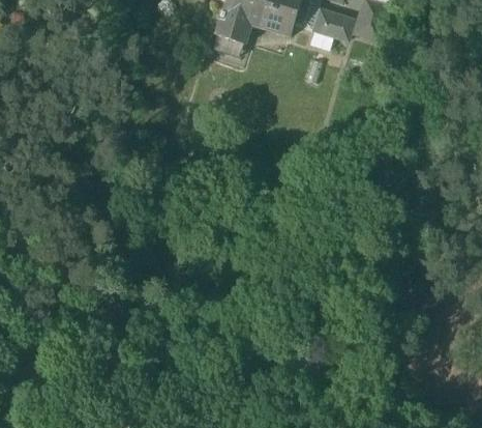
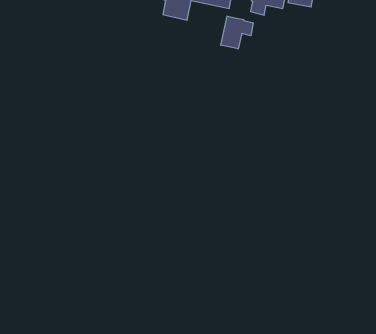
building: none -> [221,16,253,49]

